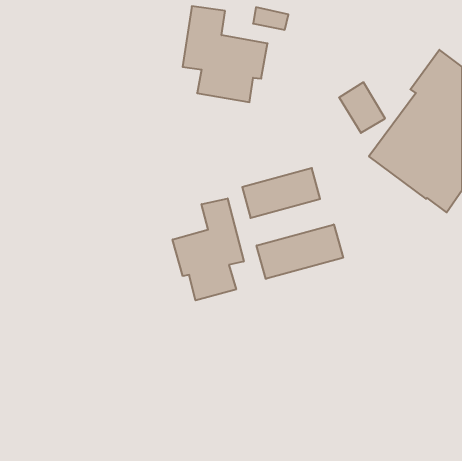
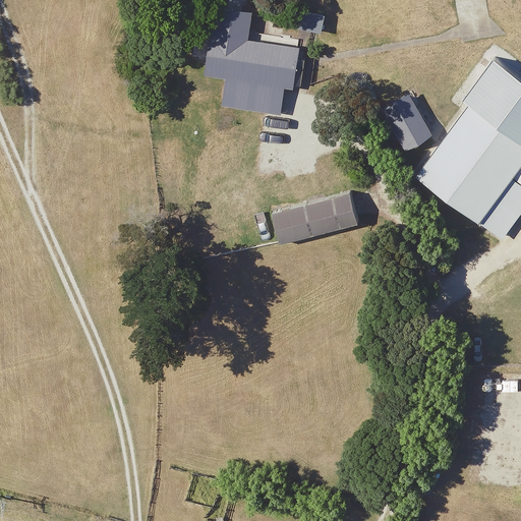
building: [173,198,244,300] -> none
building: [257,224,343,279] -> none

